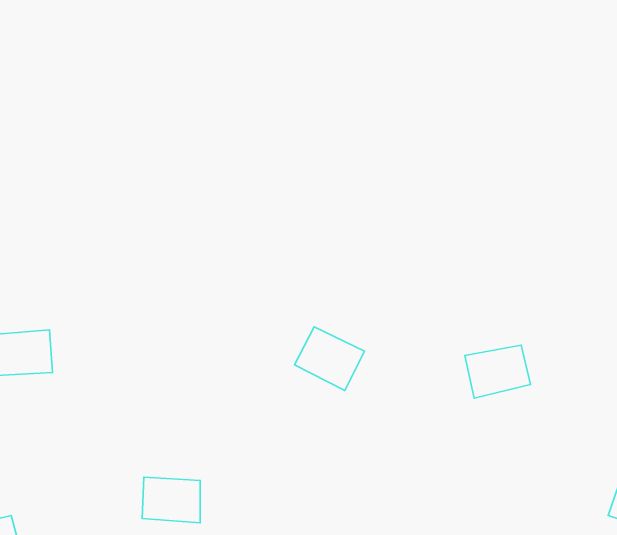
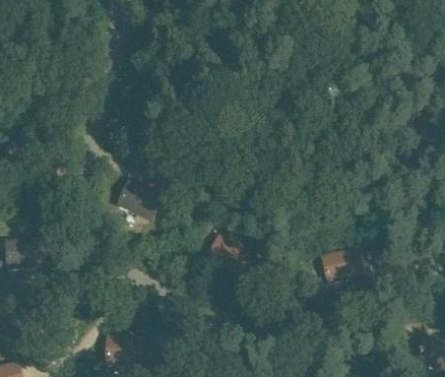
building: none -> [117,178,164,219]

